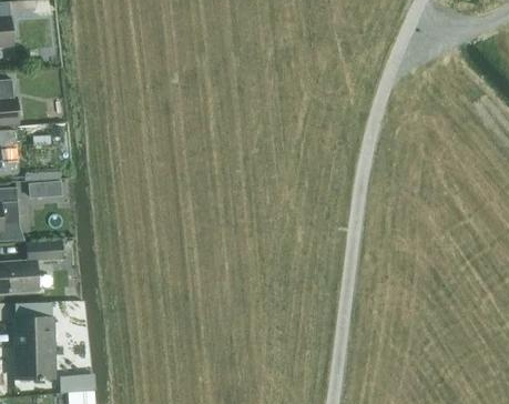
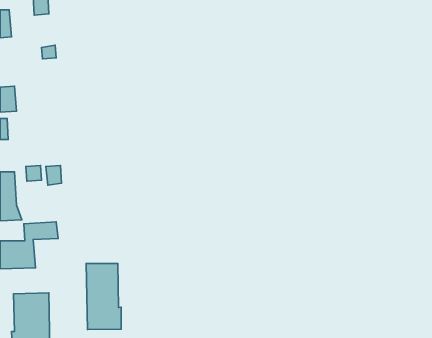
building: none -> [86,263,121,329]

